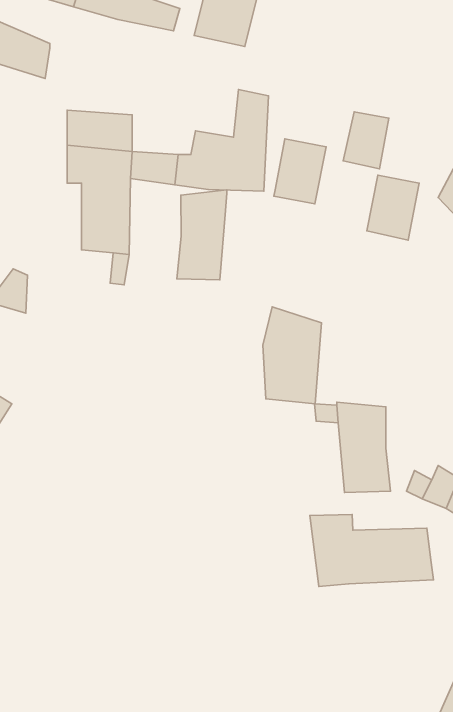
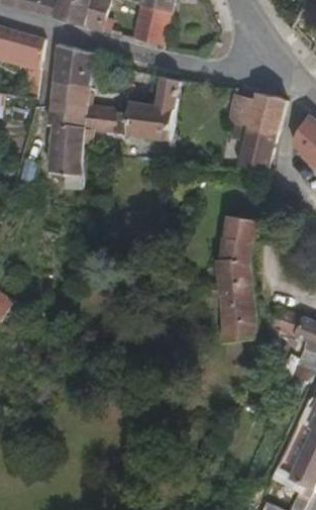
building: none -> [49,60,93,100]
building: [274,139,326,204] -> [248,102,282,143]
building: [177,190,227,280] -> none
building: [263,307,321,404] -> [220,224,257,286]
building: [310,515,433,586] -> none

